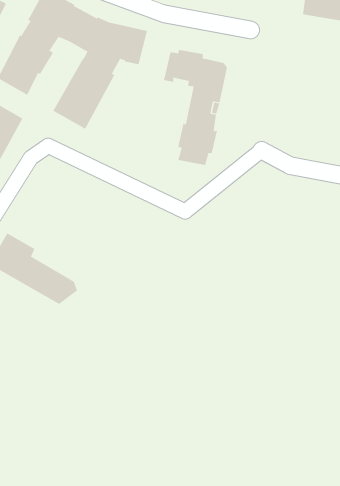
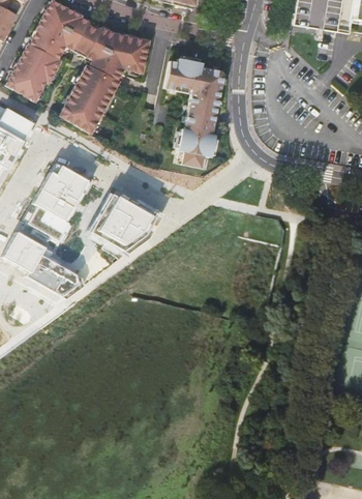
building: none -> [28,162,86,239]
building: none -> [89,188,161,253]

